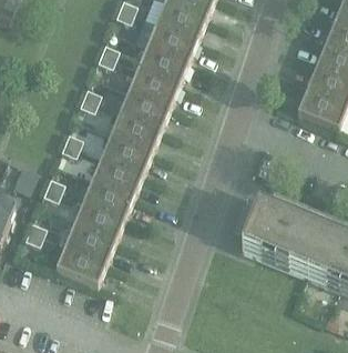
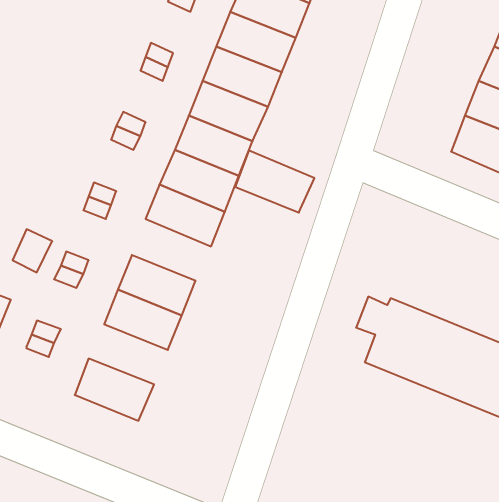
building: [92,153,143,193] -> [235,151,314,213]
building: [64,221,115,260] -> none

